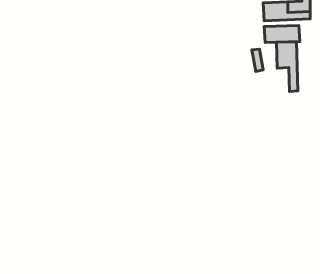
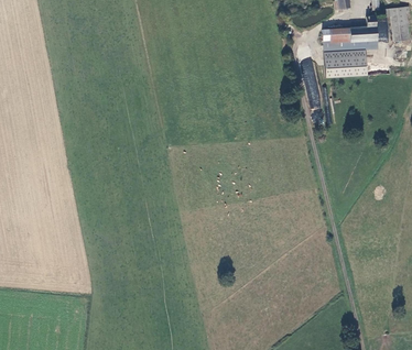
building: [276,42,298,92] -> none

